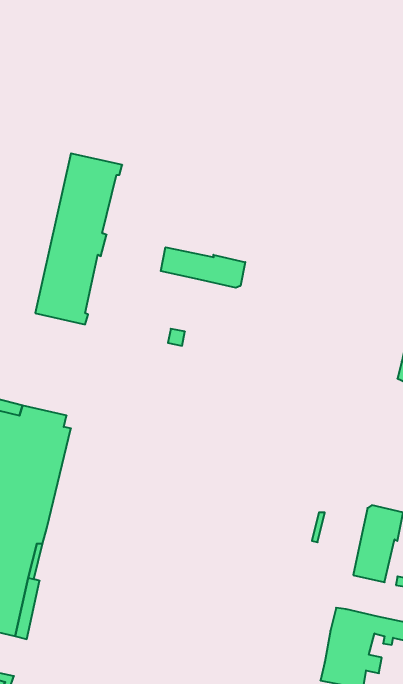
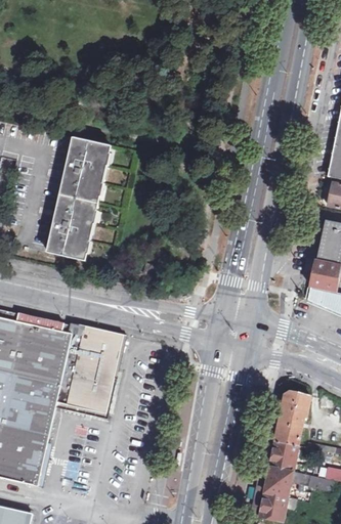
building: [161,247,245,288] -> none
building: none -> [55,321,126,418]
building: none -> [270,439,298,469]

